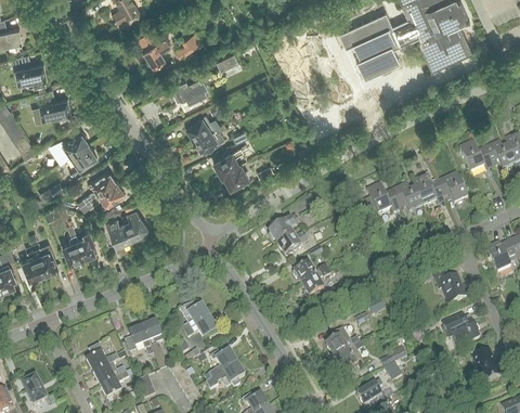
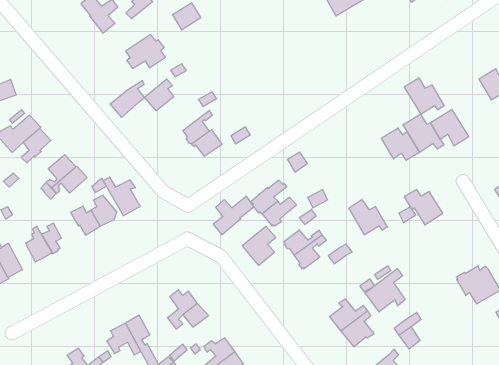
building: [193,125,225,155] -> [110,81,145,117]
building: [458,141,492,173] -> [404,78,444,114]
building: [366,183,399,215] -> [349,200,388,235]
building: none -> [103,177,140,216]
building: none -> [213,196,254,235]
building: none -> [242,226,276,265]
building: [433,272,466,305] -> [404,189,443,225]
building: none -> [365,269,405,312]

